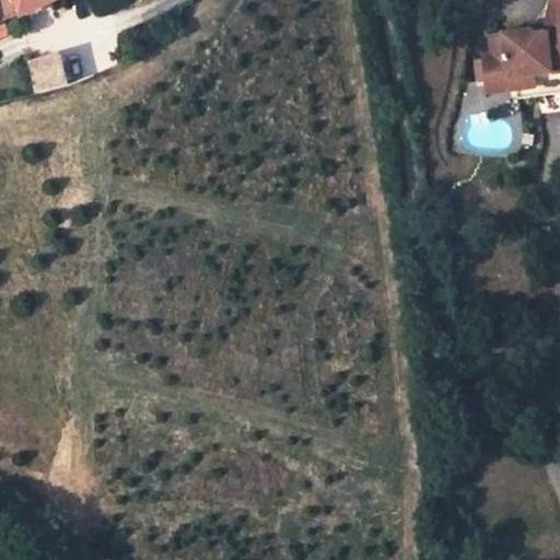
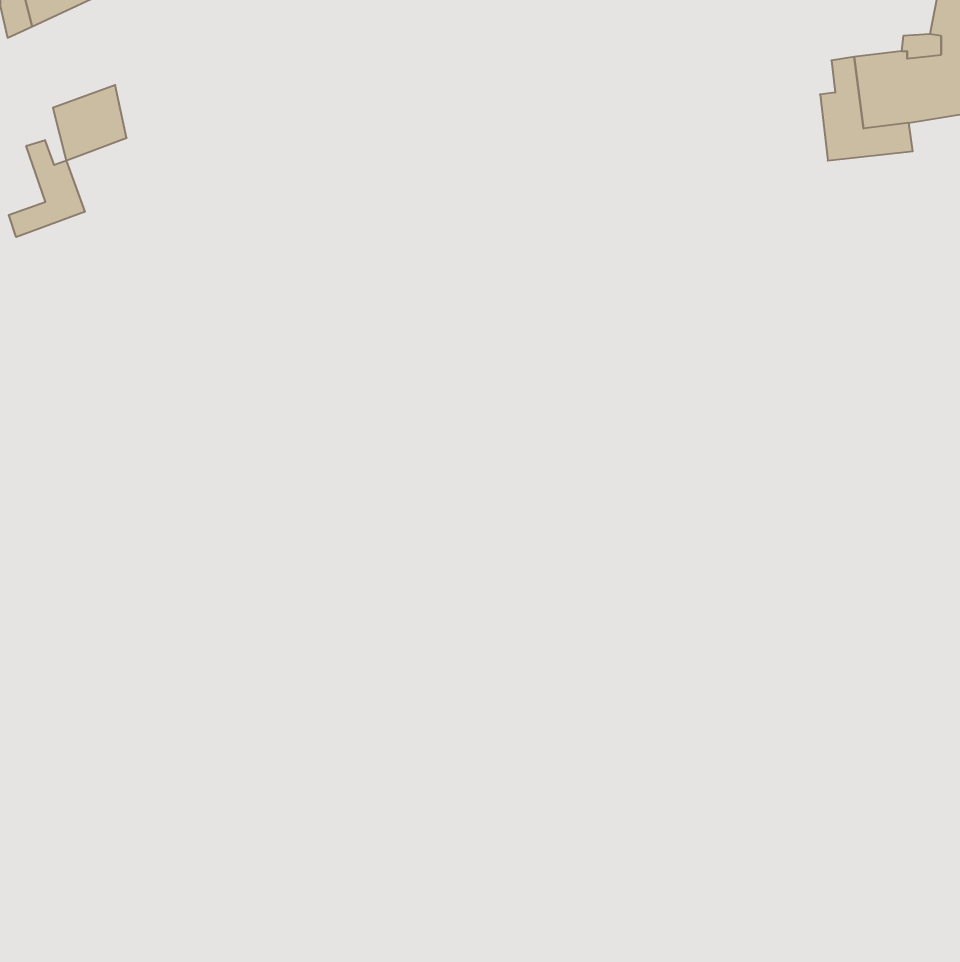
building: none -> [9,140,85,237]

